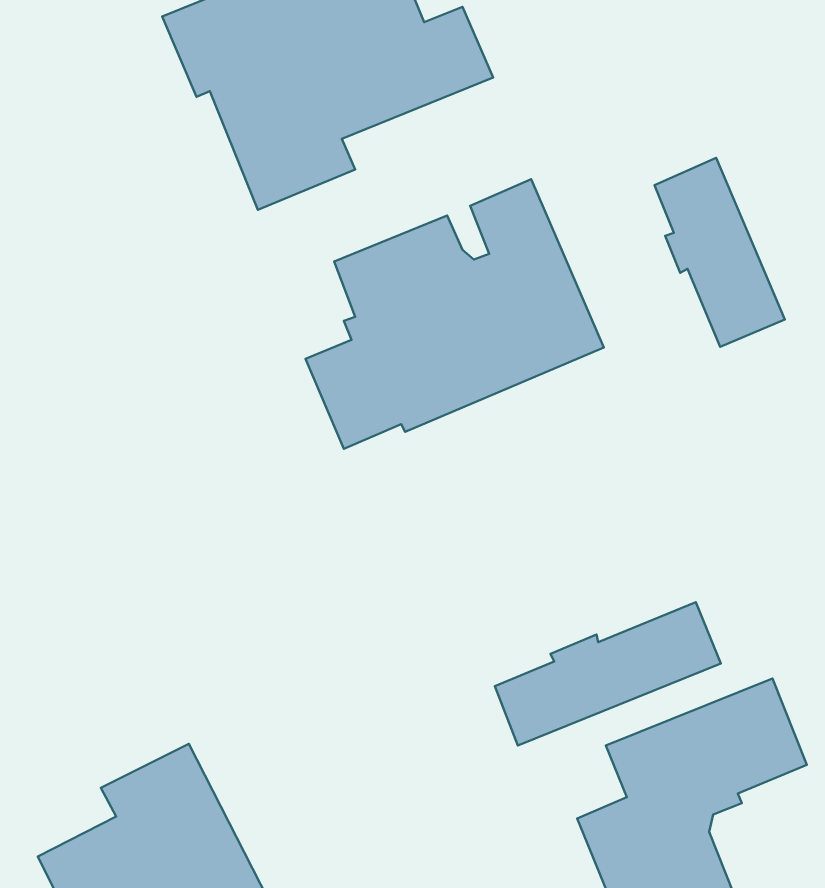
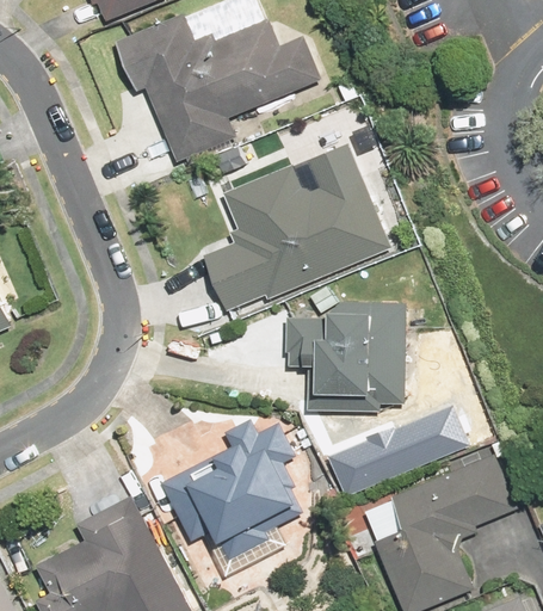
building: [654,158,785,347] -> none
building: none -> [285,303,406,413]
building: none -> [161,419,301,562]

